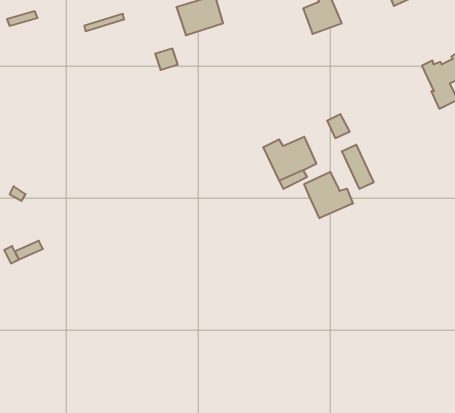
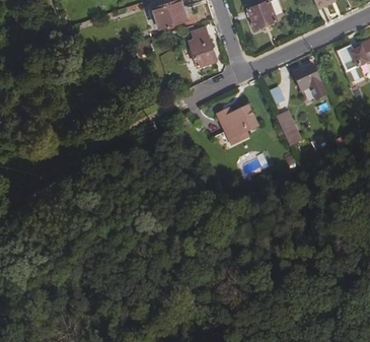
building: none -> [189,27,216,67]
building: none -> [293,63,326,99]
building: [304,172,353,218] -> none

